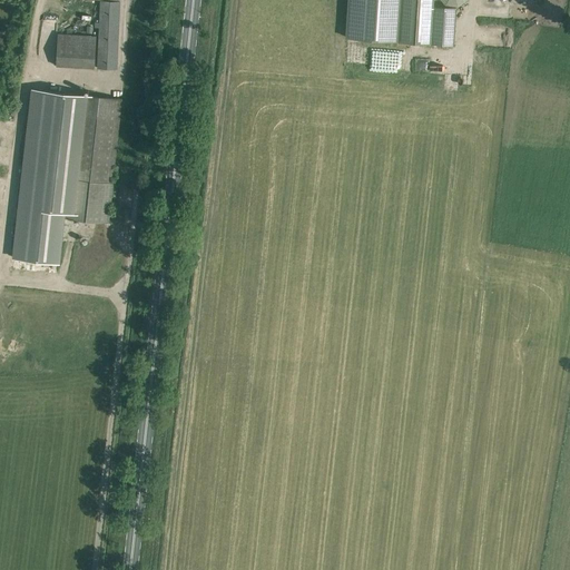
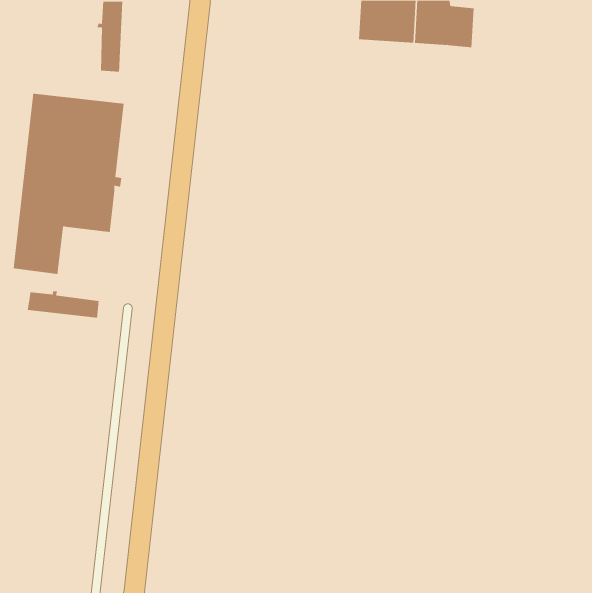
building: [55,35,94,68] -> none
building: none -> [27,290,99,318]

